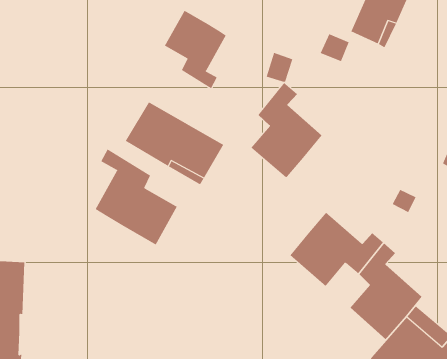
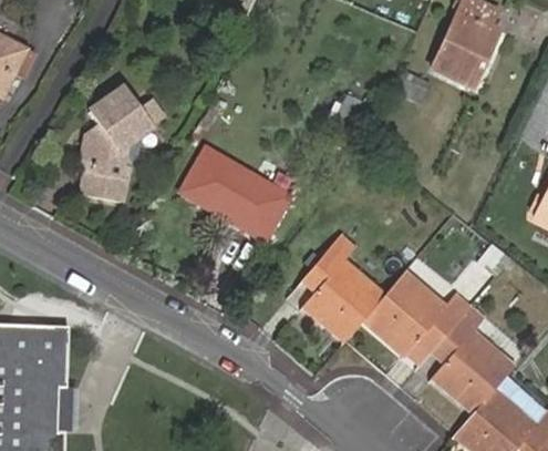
building: [164,10,227,89] -> none
building: none -> [81,86,149,201]
building: [250,82,322,178] -> [303,235,384,342]
building: [95,149,178,245] -> none

